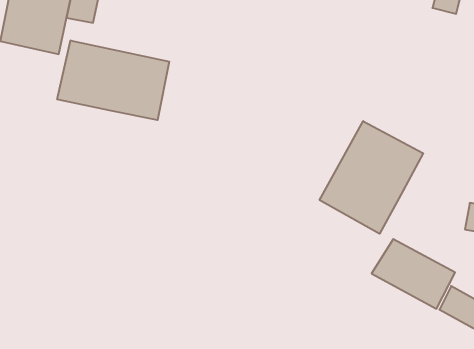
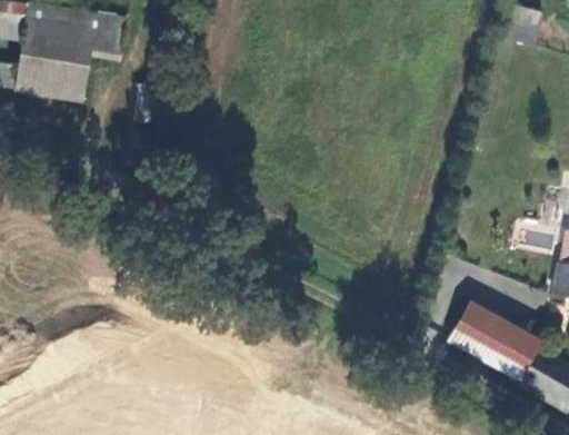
building: [57,40,169,120] -> none
building: [320,121,423,234] -> none

